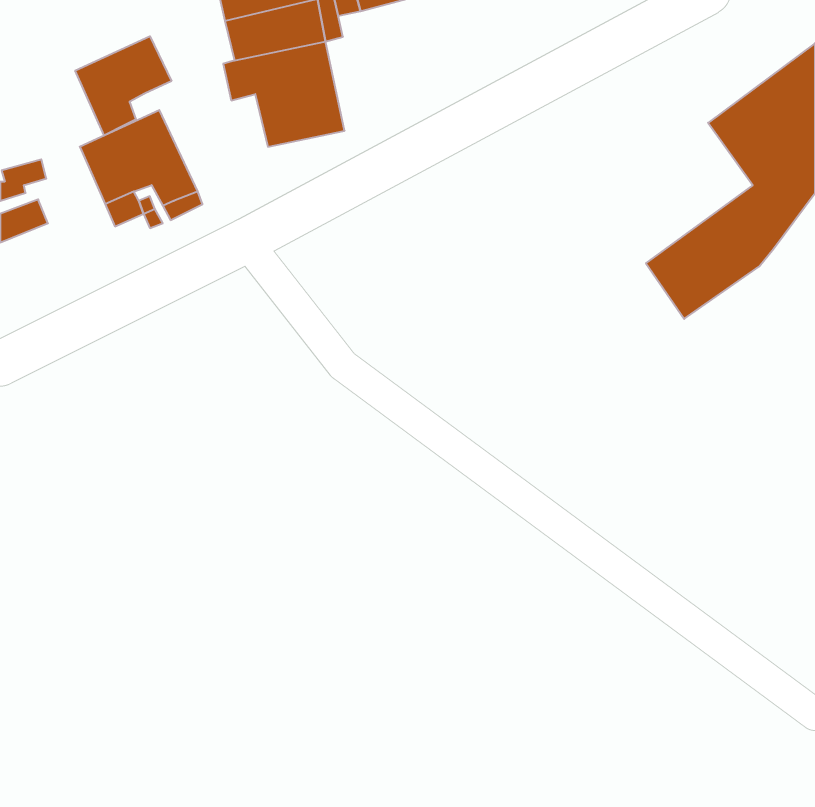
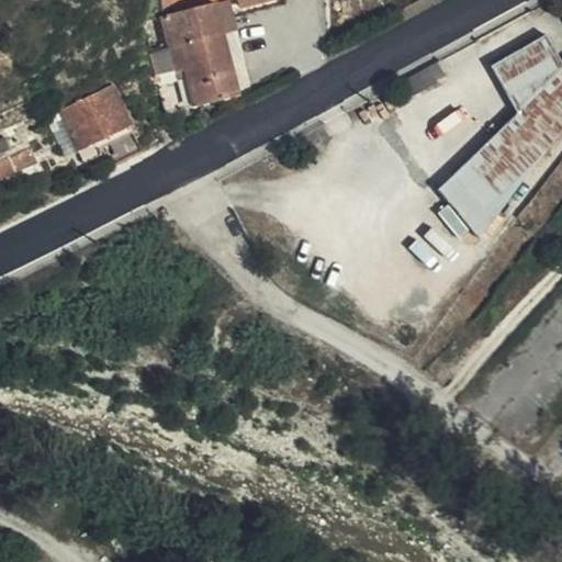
building: [75,36,171,135] -> none

